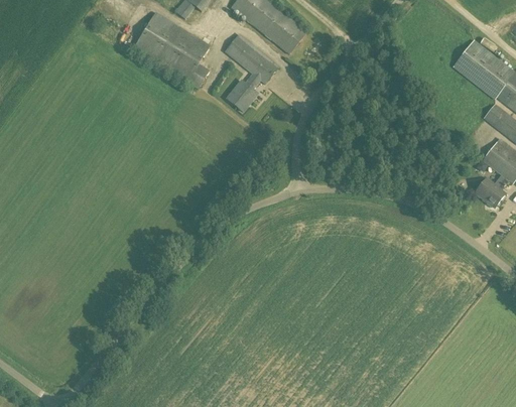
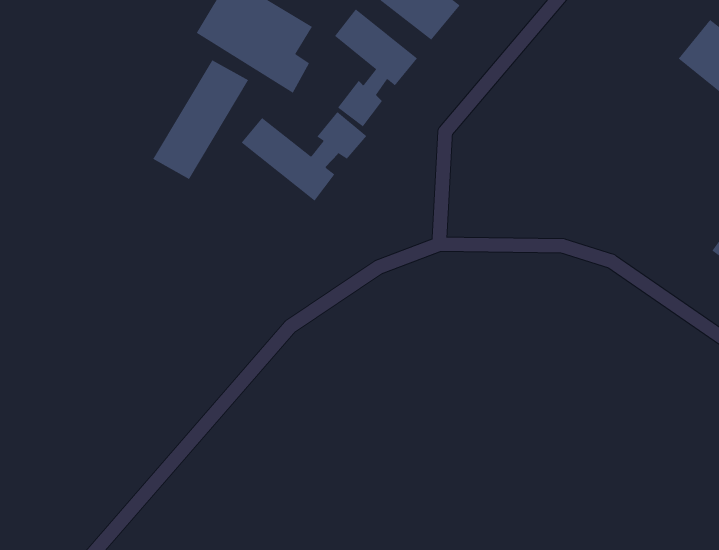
building: none -> [152,59,249,180]
building: none -> [241,111,367,201]

